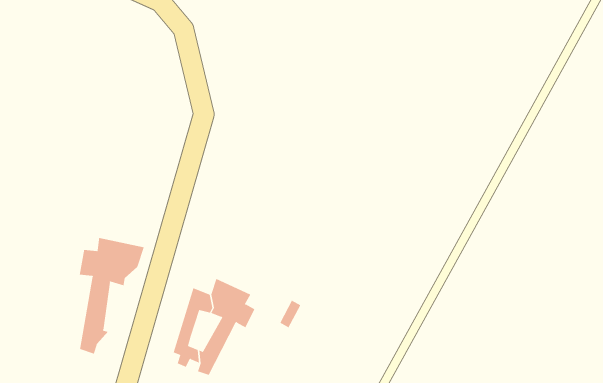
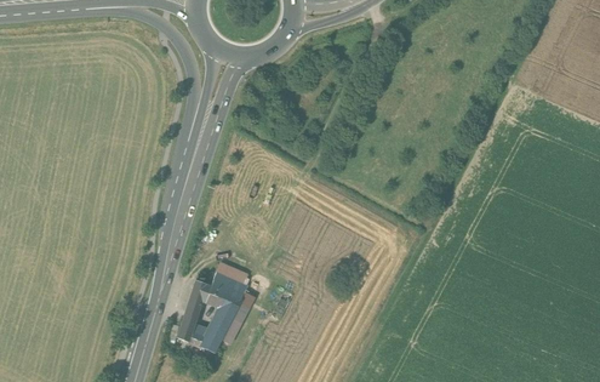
building: [79,237,145,354] -> none

